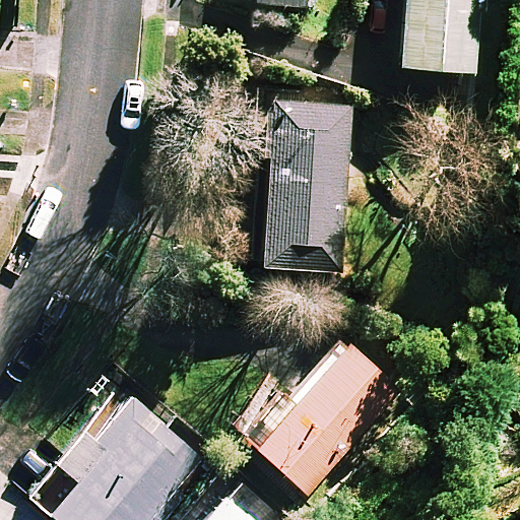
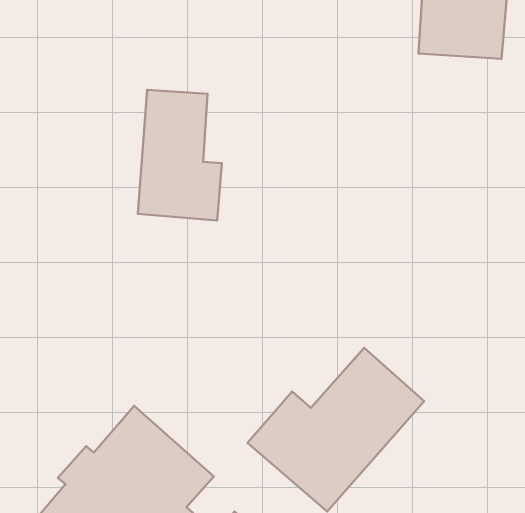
building: [251,96,349,270] -> none
building: none -> [138,90,222,221]

